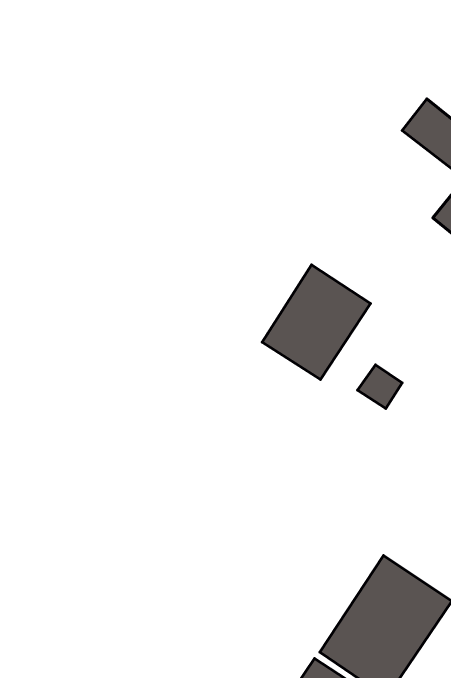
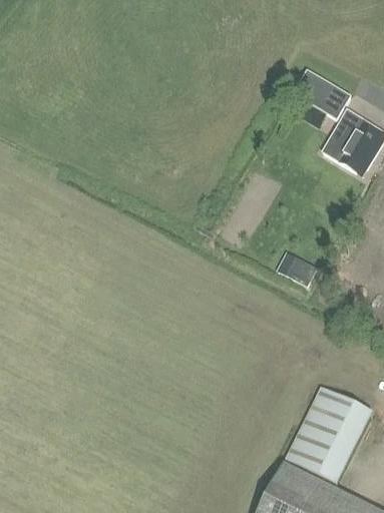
building: [262,265,371,380] -> none

